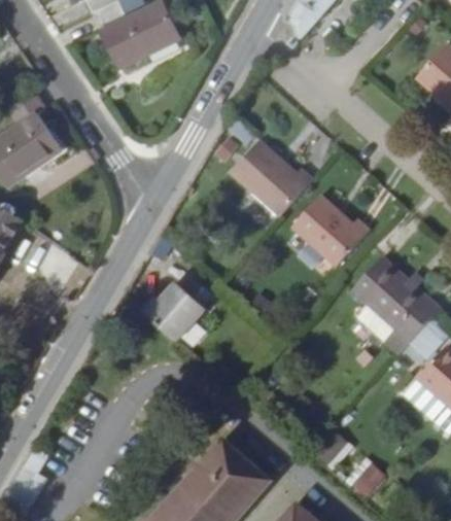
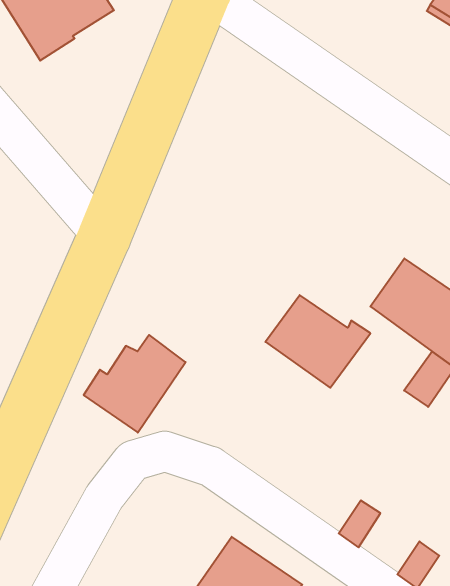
building: [227,135,310,213] -> none
building: [286,189,366,262] -> [265,295,370,388]

